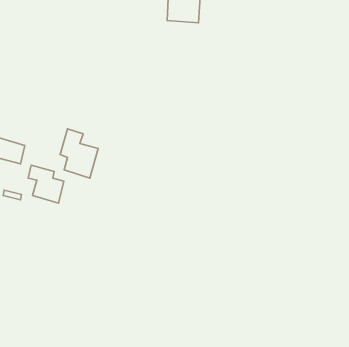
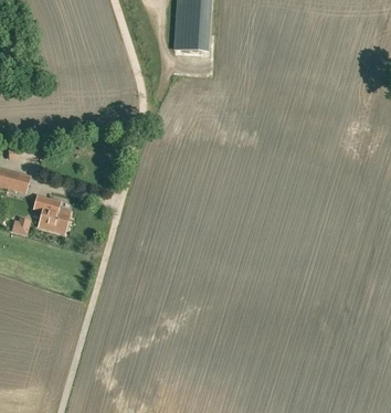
building: [60,129,98,178] -> none

